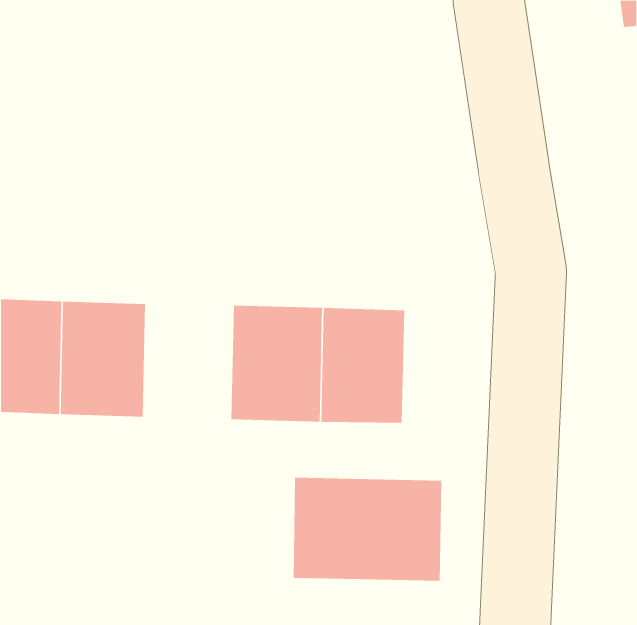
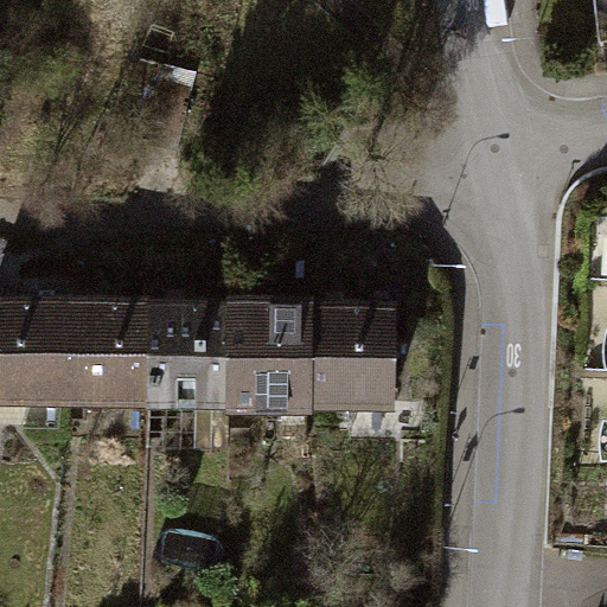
building: none -> [136,300,222,410]
building: [293,477,442,582] -> none

